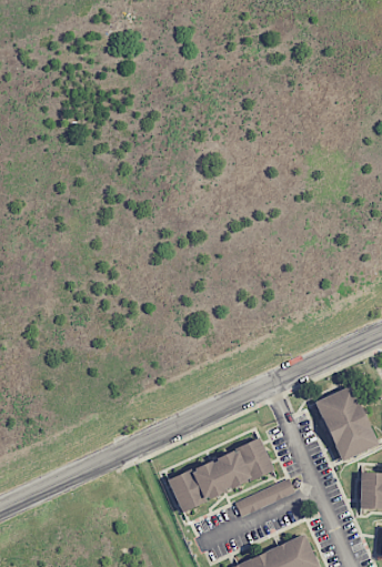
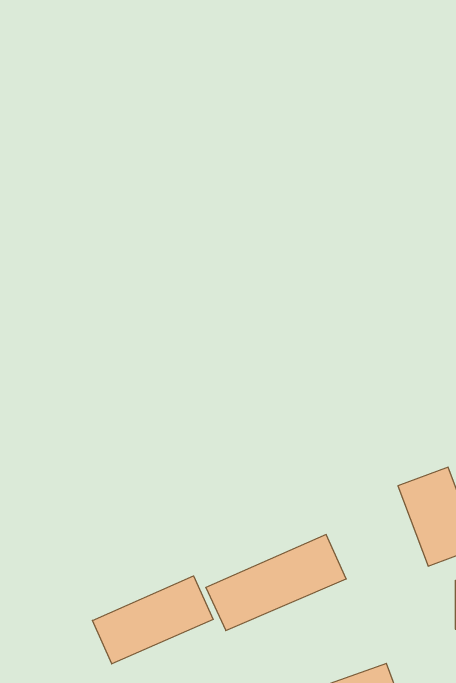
building: none -> [92,576,213,664]
building: [234,478,295,517] -> none

